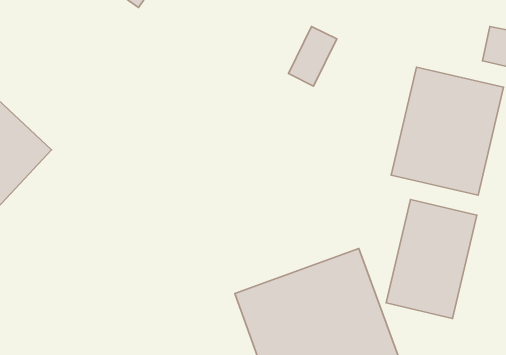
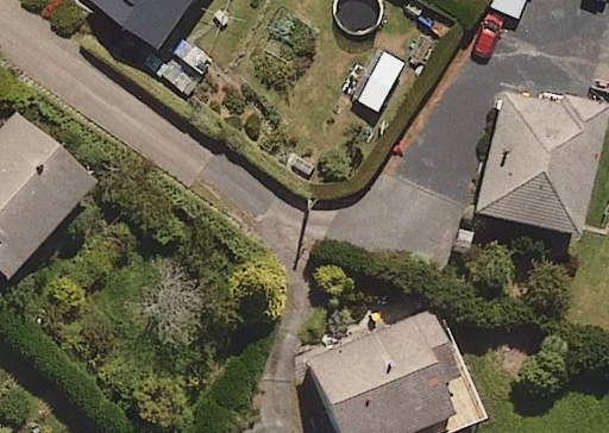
building: [386,199,477,319] -> none

